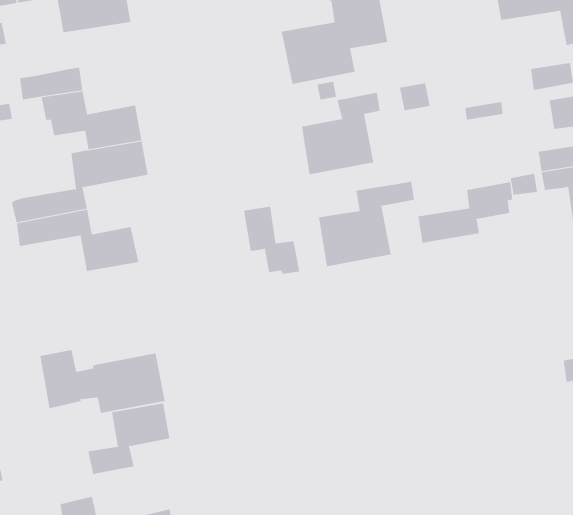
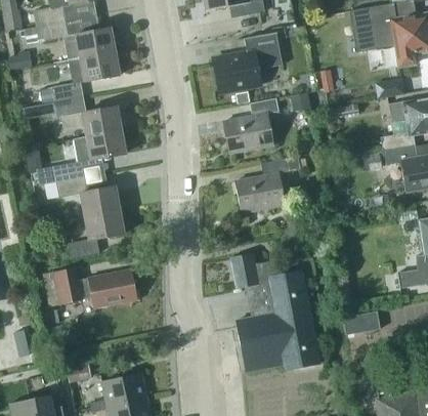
building: none -> [70,52,119,81]
building: [418,182,513,244] -> none
building: [243,206,300,275] -> none
building: none -> [231,252,319,372]
building: [88,403,170,474] -> [70,210,124,257]
building: none -> [344,311,380,335]

